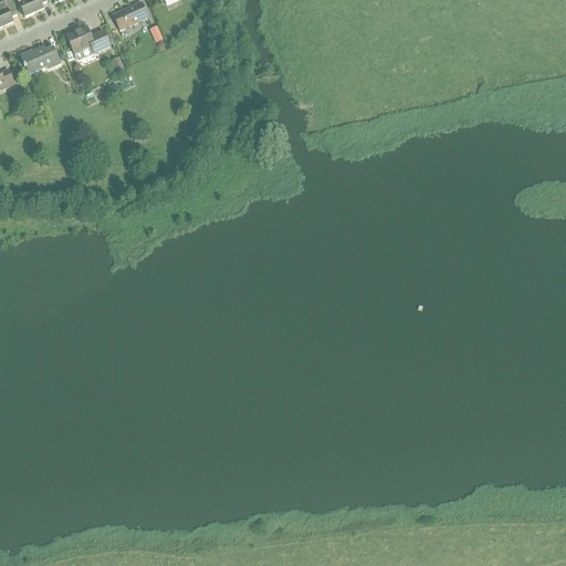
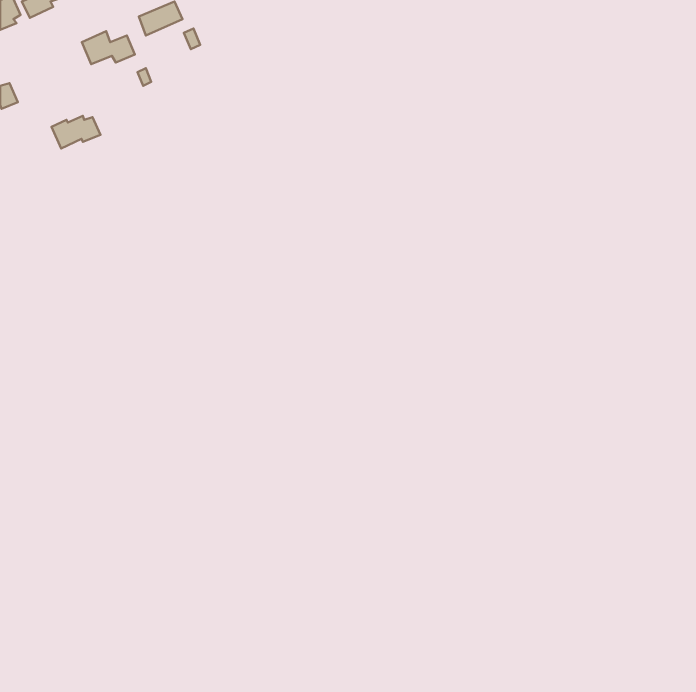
building: [20,45,60,72] -> [52,116,101,149]

